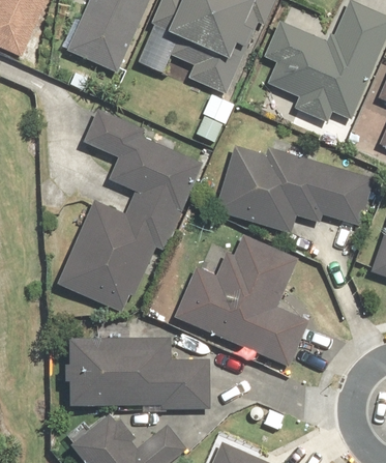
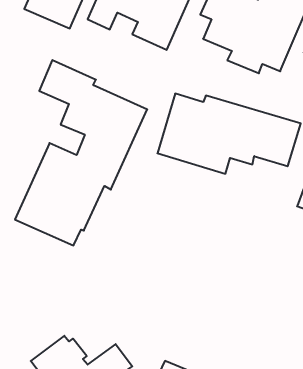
building: [175,234,309,367] -> none
building: [71,336,210,409] -> none

